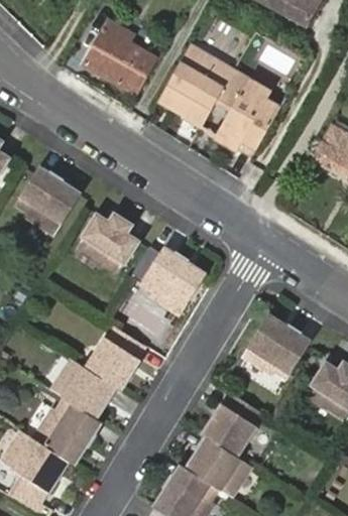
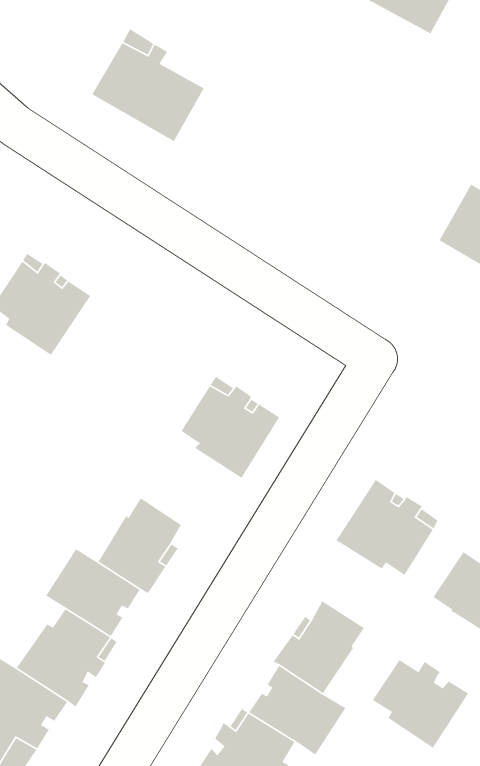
building: [157,43,280,156] -> none
building: [78,214,140,273] -> none
building: none -> [372,659,469,749]

